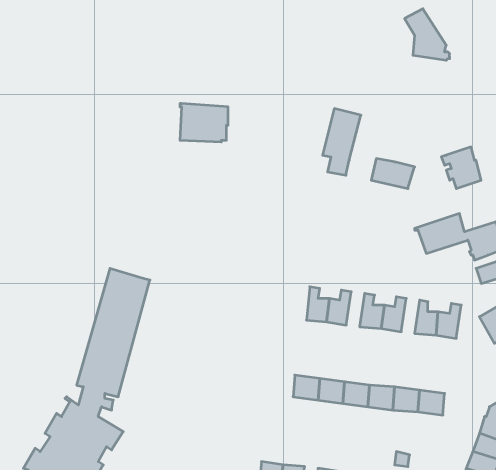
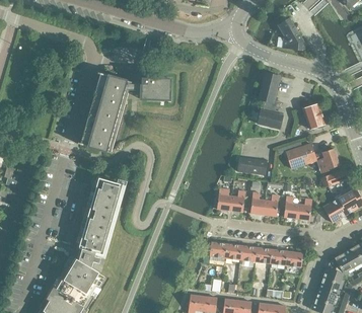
building: none -> [78,72,132,153]
building: [323,109,361,175] -> [258,72,281,112]
building: none -> [237,157,268,175]

